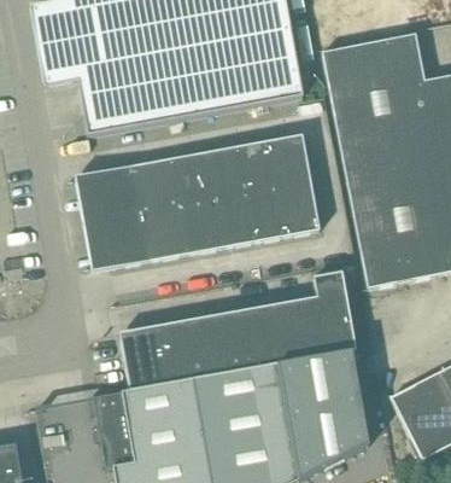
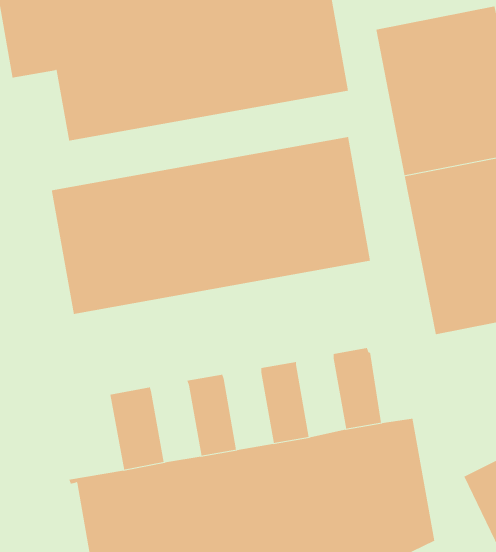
building: [314,270,357,354] -> none
building: [263,301,300,365] -> none
building: [206,312,245,374] -> none
building: [151,321,189,384] -> none

